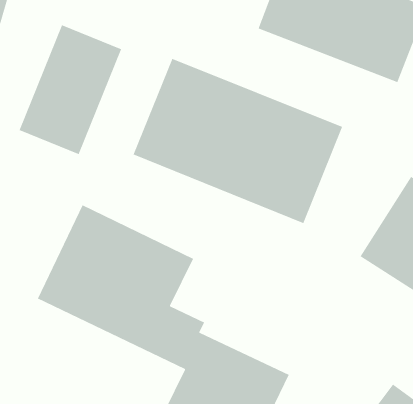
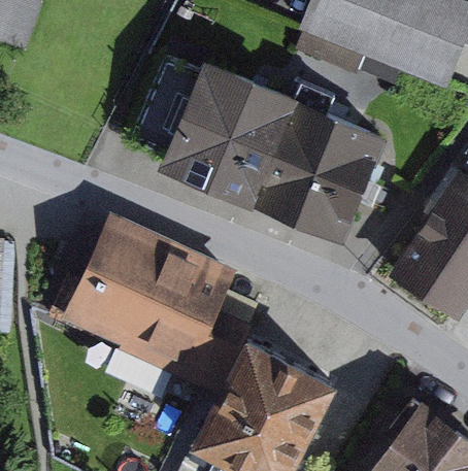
building: [18,24,122,155] -> none

